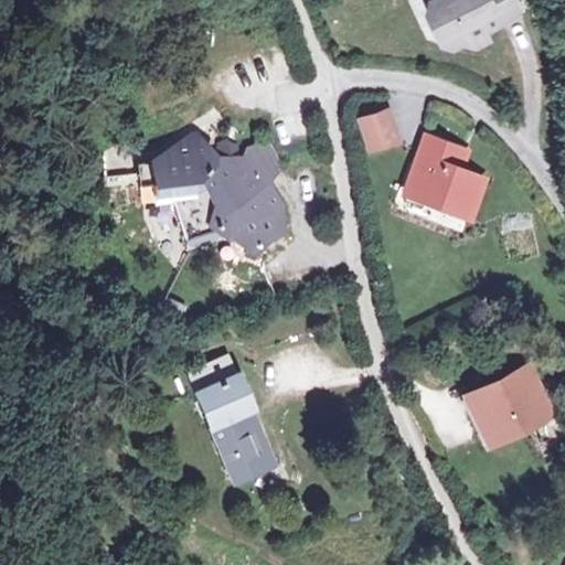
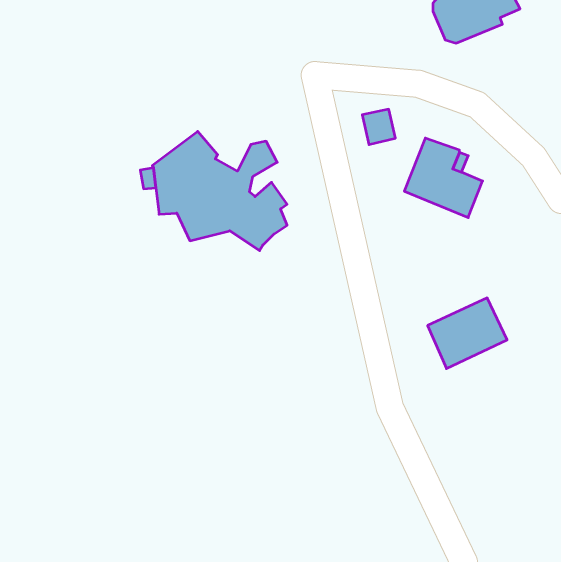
building: [467,366,546,437] -> [428,298,507,369]
building: [194,369,279,484] -> none

